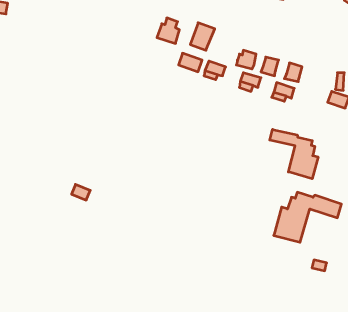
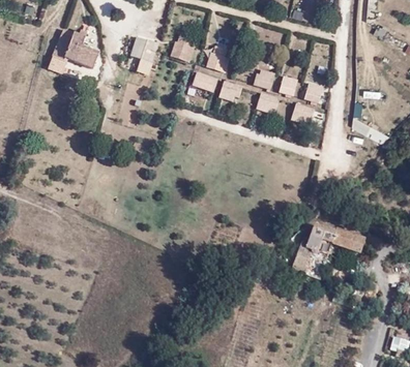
building: none -> [50,28,97,70]
building: none -> [133,35,158,61]
building: [270,129,318,179] -> none

